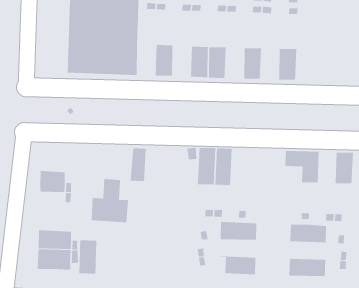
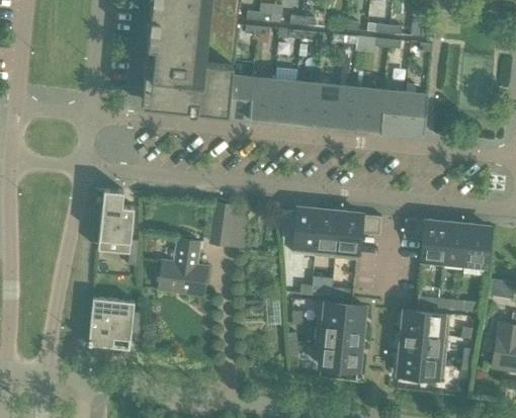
building: none -> [229,76,254,116]
building: none -> [272,80,297,120]
building: none -> [337,87,362,128]
building: none -> [380,91,406,132]
building: none -> [100,189,134,228]
building: none -> [335,213,382,260]
building: none -> [443,224,467,264]
building: [79,239,97,274] -> none
building: none -> [315,324,362,349]
building: none -> [401,332,448,357]

